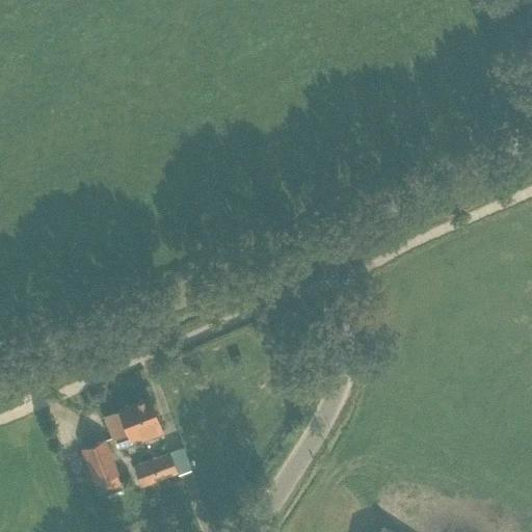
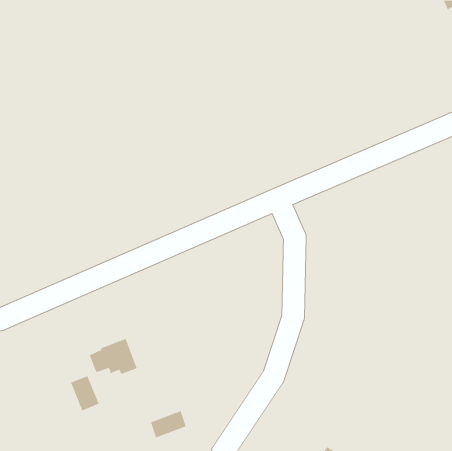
building: [135,454,178,486] -> [150,411,187,438]

